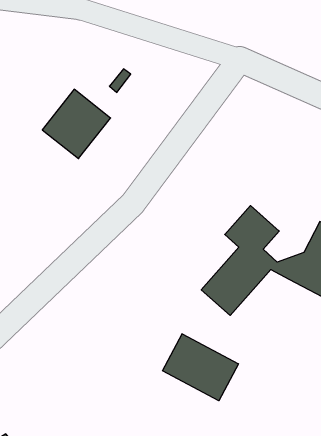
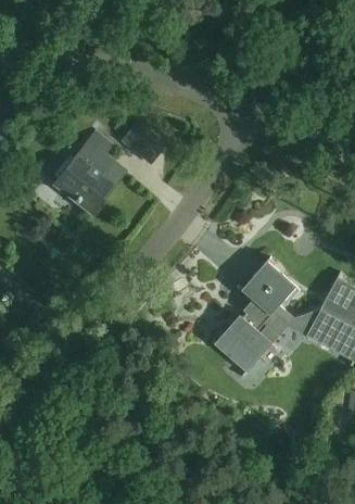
building: [163,334,238,401] -> none

